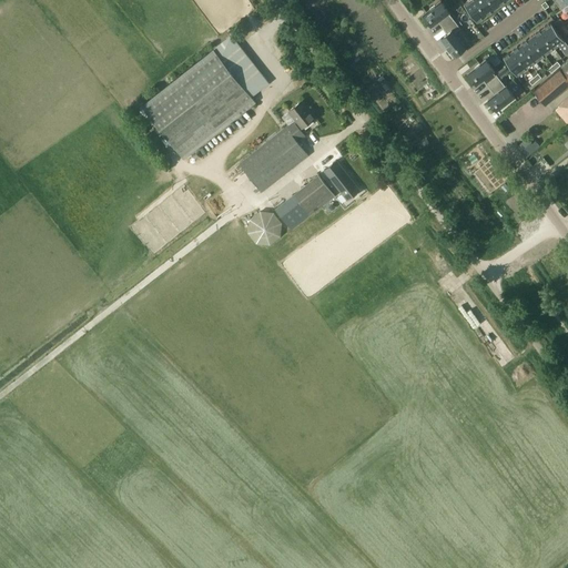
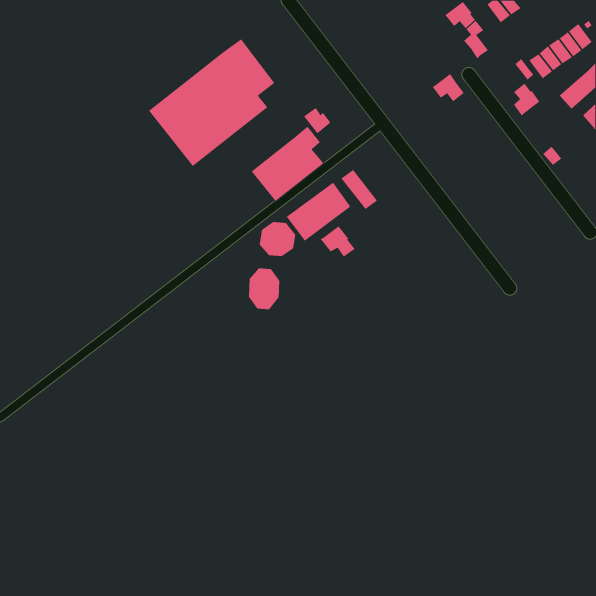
building: [468,60,499,88] -> [432,73,464,102]
building: none -> [320,226,355,258]
building: none -> [249,268,280,310]

